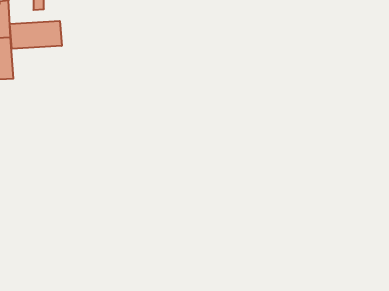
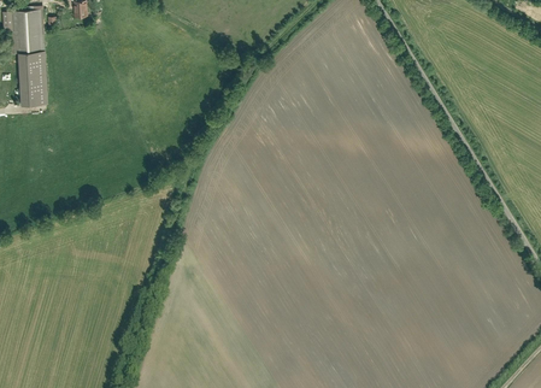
building: [10,21,62,49] -> none

